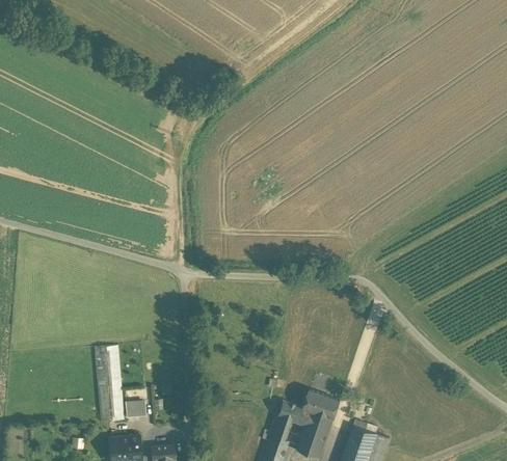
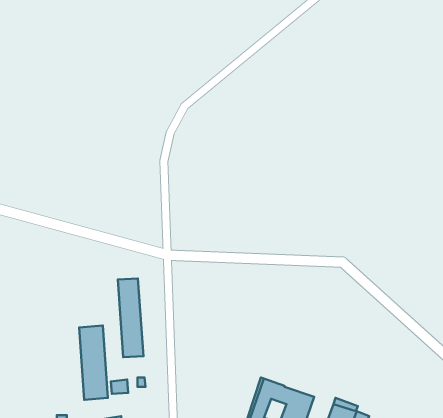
building: none -> [118,279,143,357]
building: [302,390,339,419] -> none

